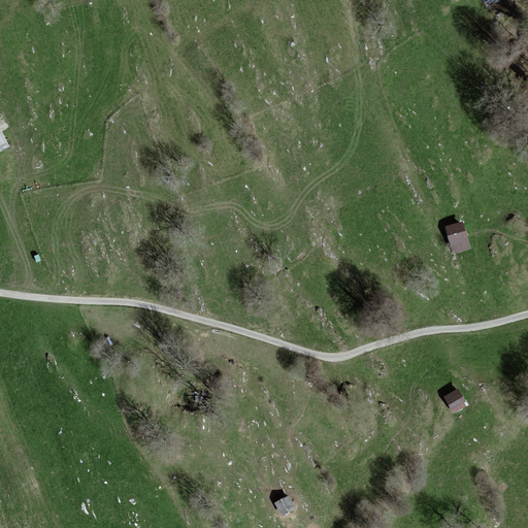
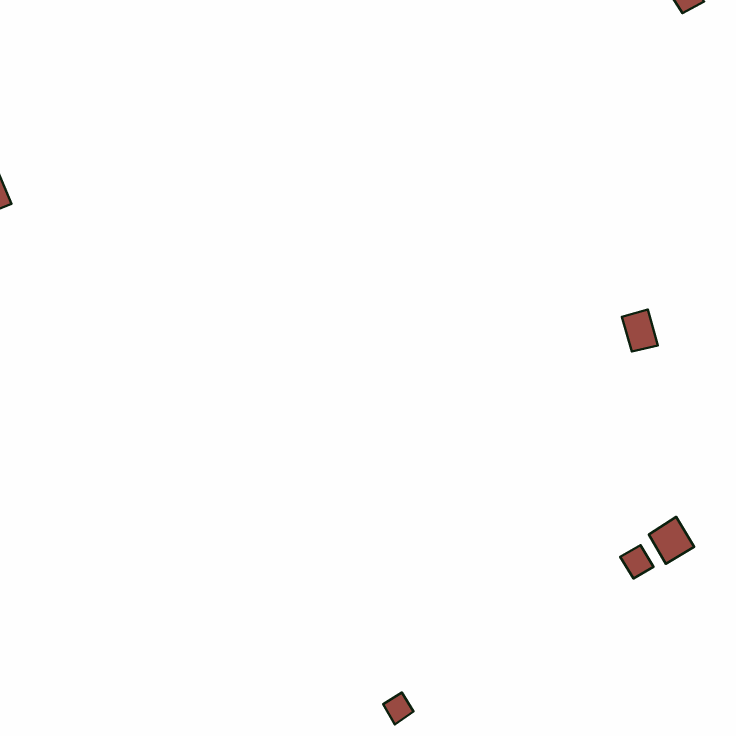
building: none -> [649,517,694,564]

